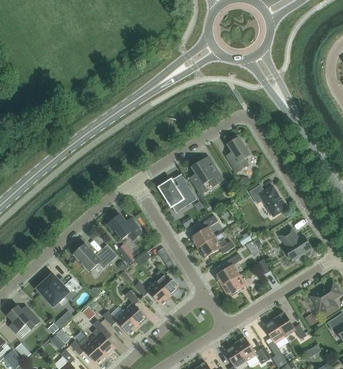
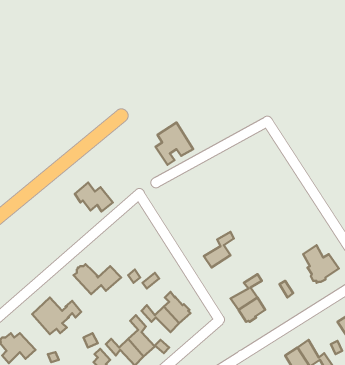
building: [226,137,250,172] -> none
building: [190,156,224,194] -> [155,122,193,165]
building: [160,180,197,210] -> none
building: [249,184,287,216] -> none
building: [108,214,142,240] -> [75,183,113,212]
building: [198,236,235,258] -> none

